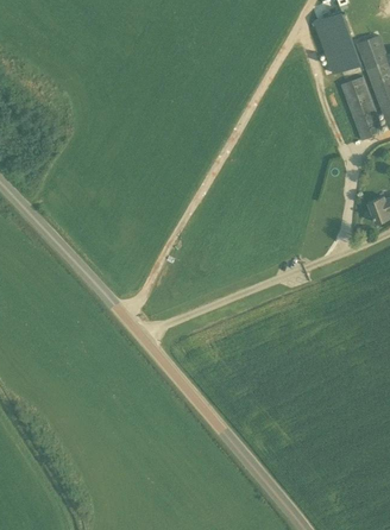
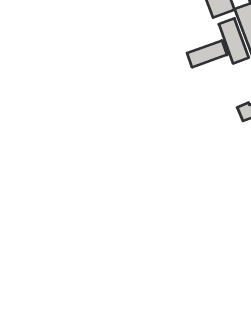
building: none -> [187,40,227,67]

